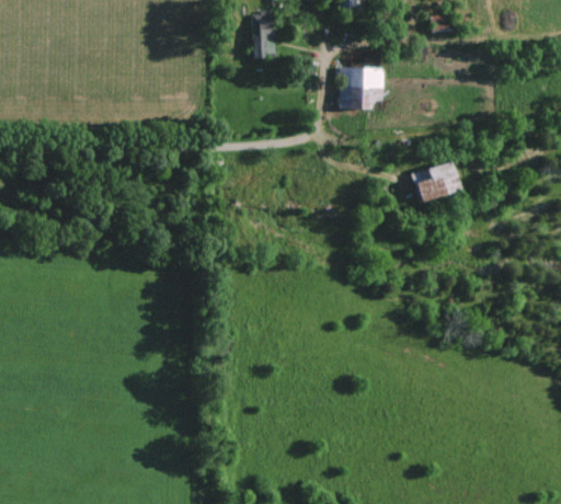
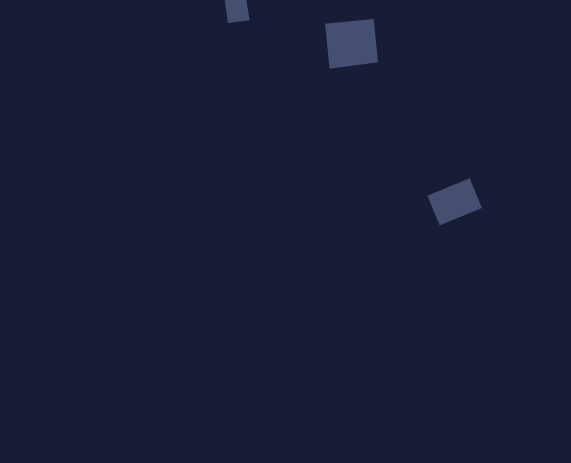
building: [414,162,462,202] -> [427,177,483,226]

